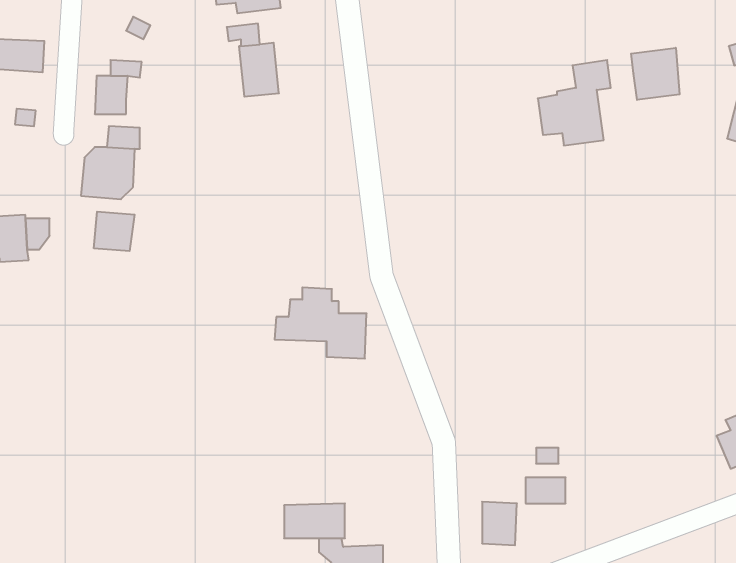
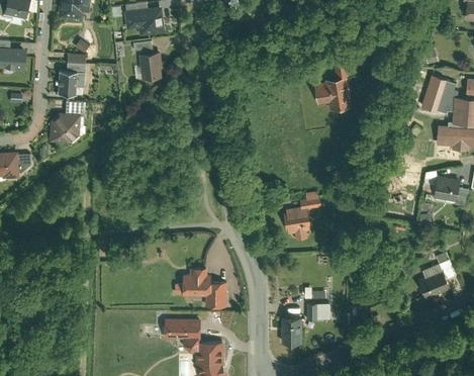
building: [631,48,680,100] -> none
building: [94,212,135,251] -> none
building: none -> [283,191,321,242]
building: [275,287,367,359] -> [174,267,227,308]

